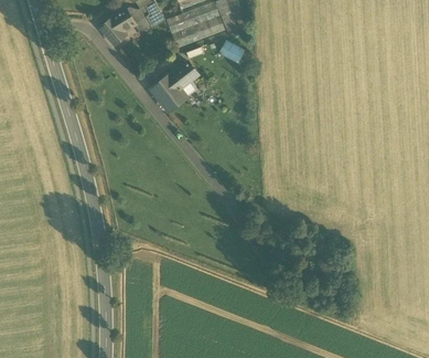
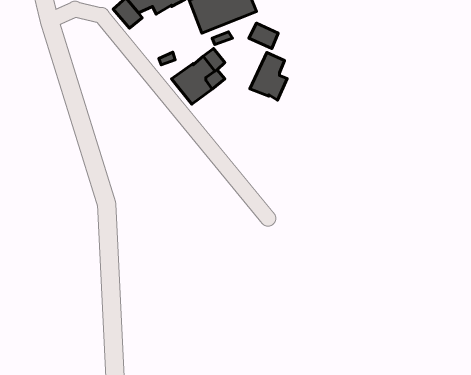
building: none -> [250,52,287,100]

